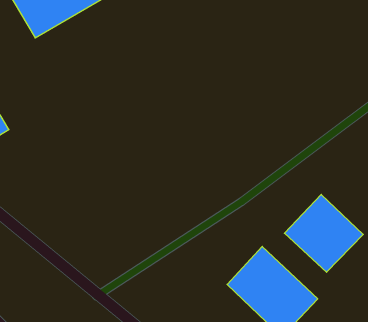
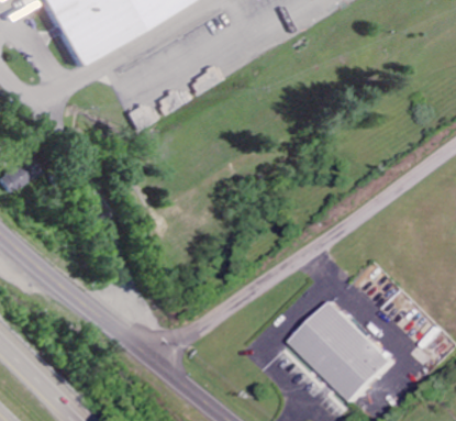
building: [284,194,363,272] -> none

